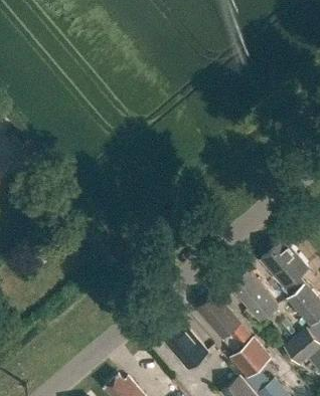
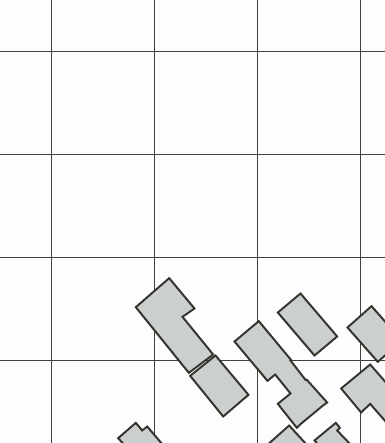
building: [263,242,309,289] -> none
building: none -> [136,278,213,373]

